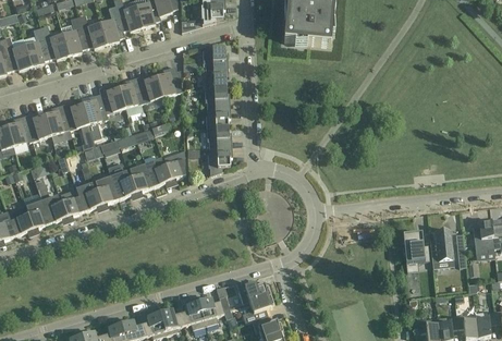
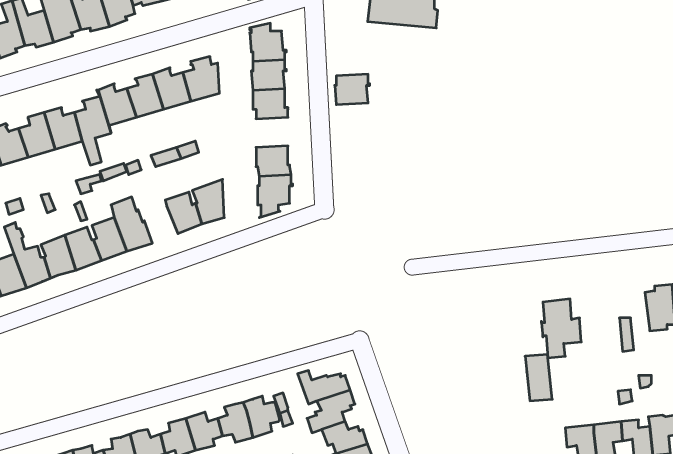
building: [206,106,230,126] -> [335,74,370,105]
building: [130,162,154,192] -> none
building: [434,228,453,259] -> [525,355,552,401]

